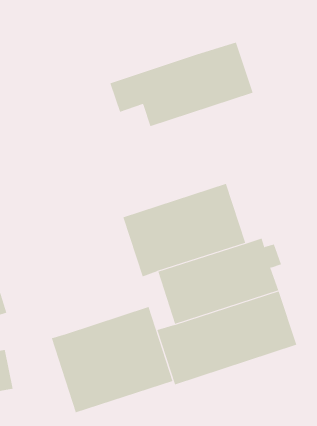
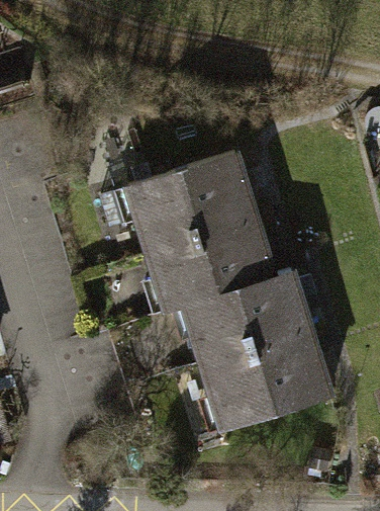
building: [110,42,253,127] -> [94,152,257,248]
building: [51,306,173,413] -> none

